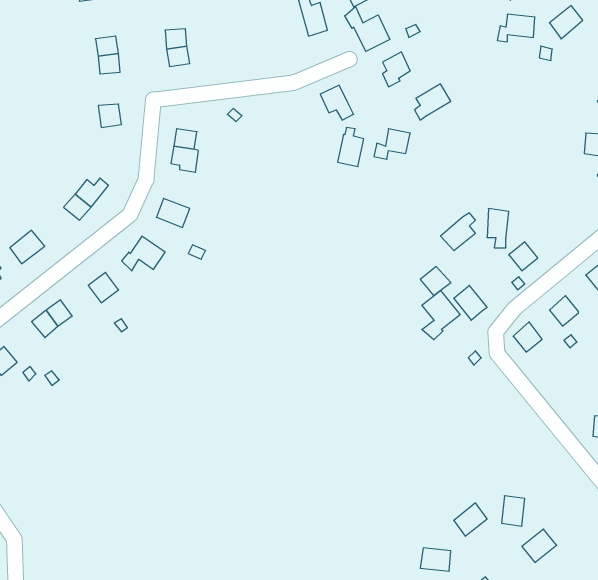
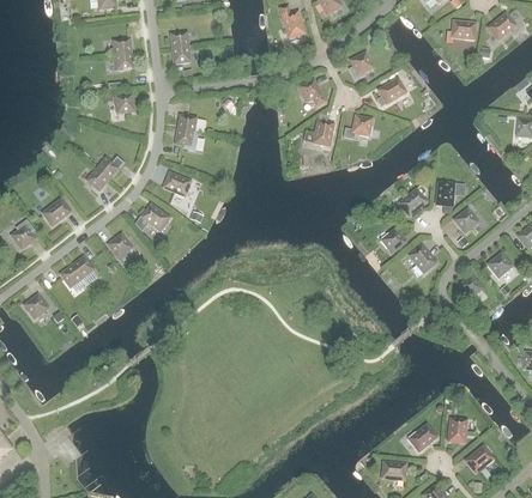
building: [345,7,390,51] -> none
building: [422,291,460,340] -> none

